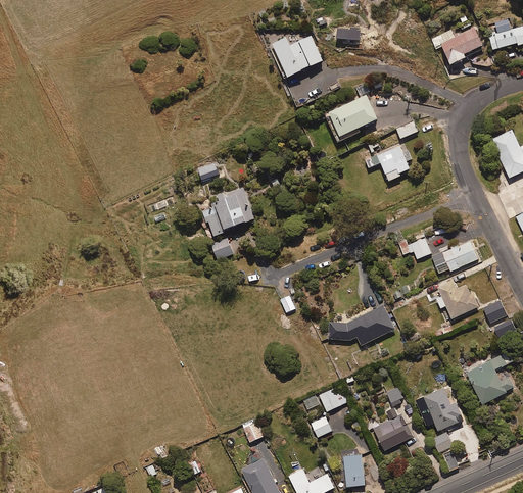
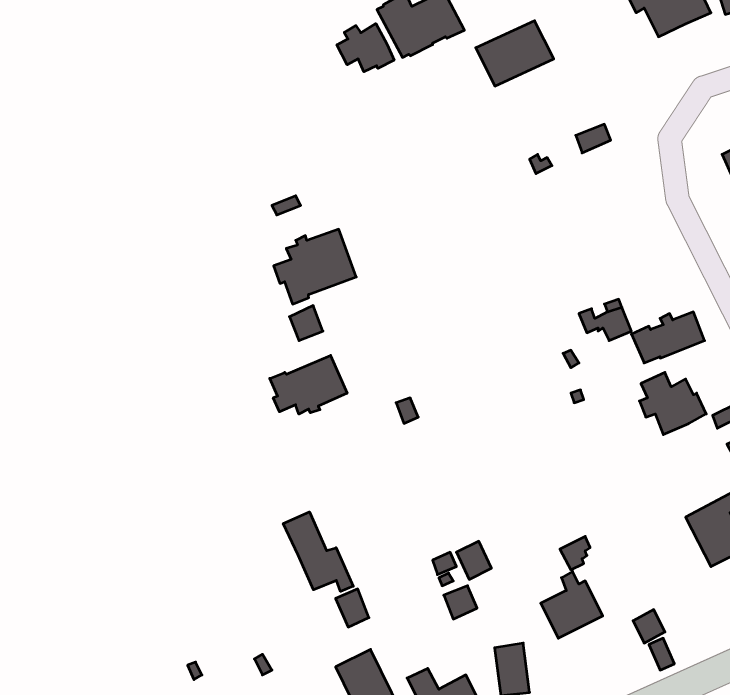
building: none -> [337,24,394,72]
building: [329,94,379,136] -> [476,21,554,86]
building: [364,145,412,181] -> none
building: none -> [270,355,347,414]
building: [328,305,395,345] -> none
building: none -> [283,512,353,591]
building: [415,387,464,431] -> none

